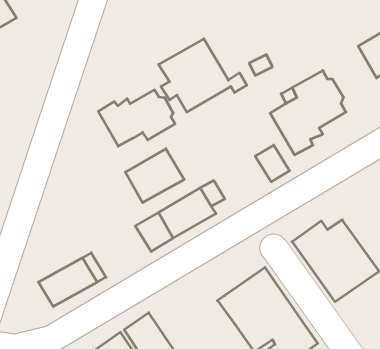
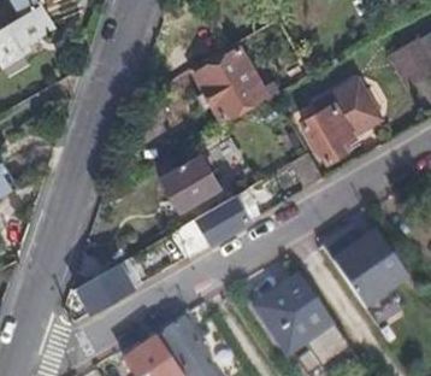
building: [98,90,175,146] -> none

